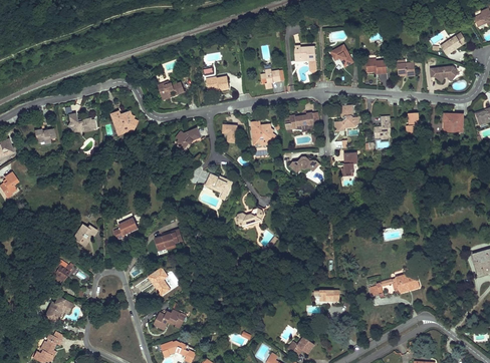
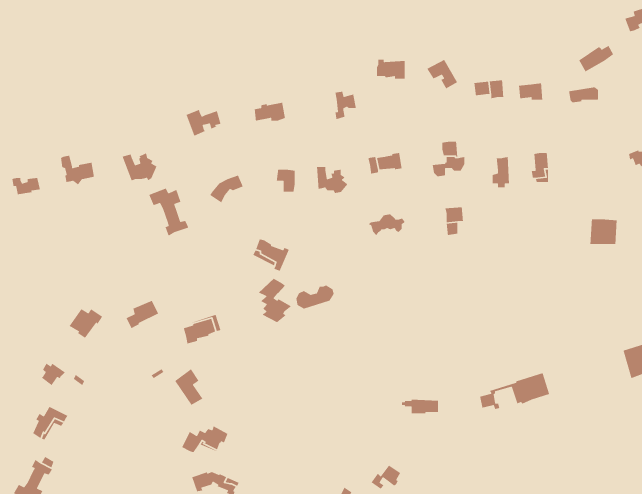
building: [443,112,463,131] -> [590,218,617,245]
building: none -> [148,187,189,237]
building: none -> [258,278,292,323]

